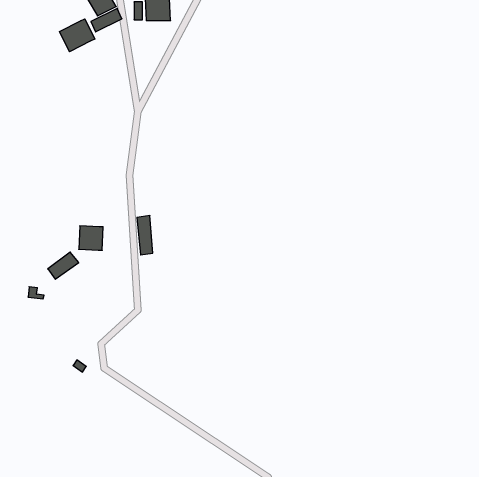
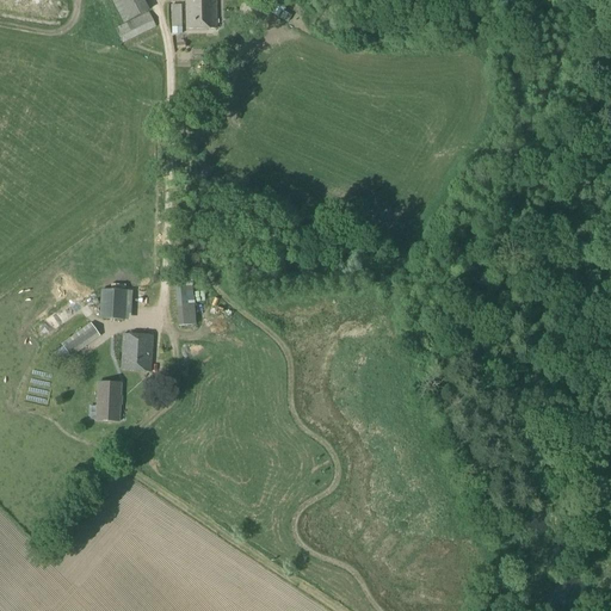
building: [59,19,95,52] -> none
building: none -> [122,332,154,370]
building: none -> [97,381,121,419]

